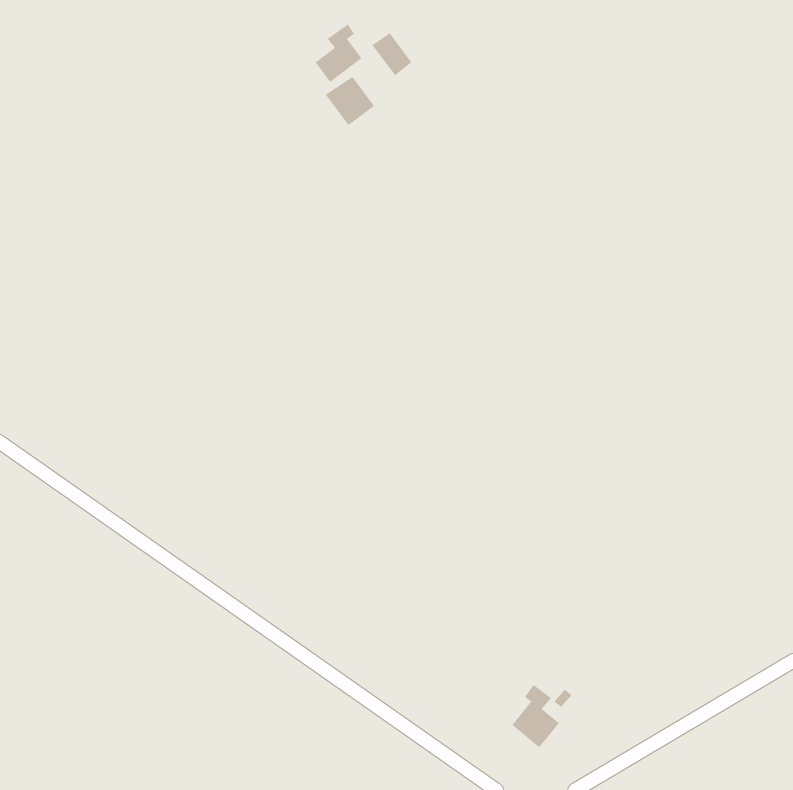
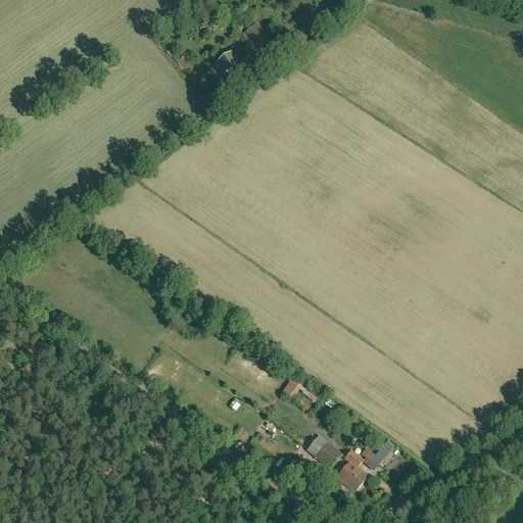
building: [315,24,362,83] -> none
building: none -> [306,434,341,468]

